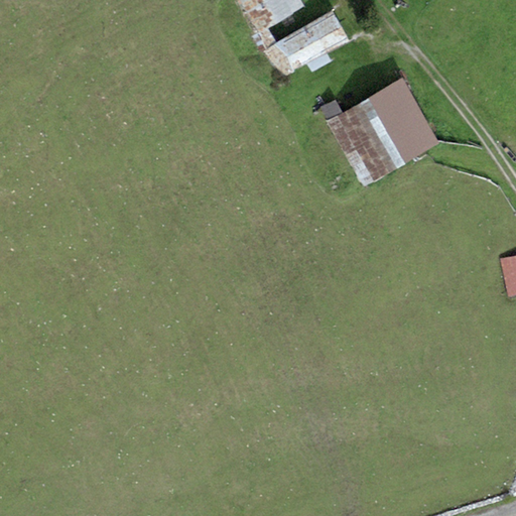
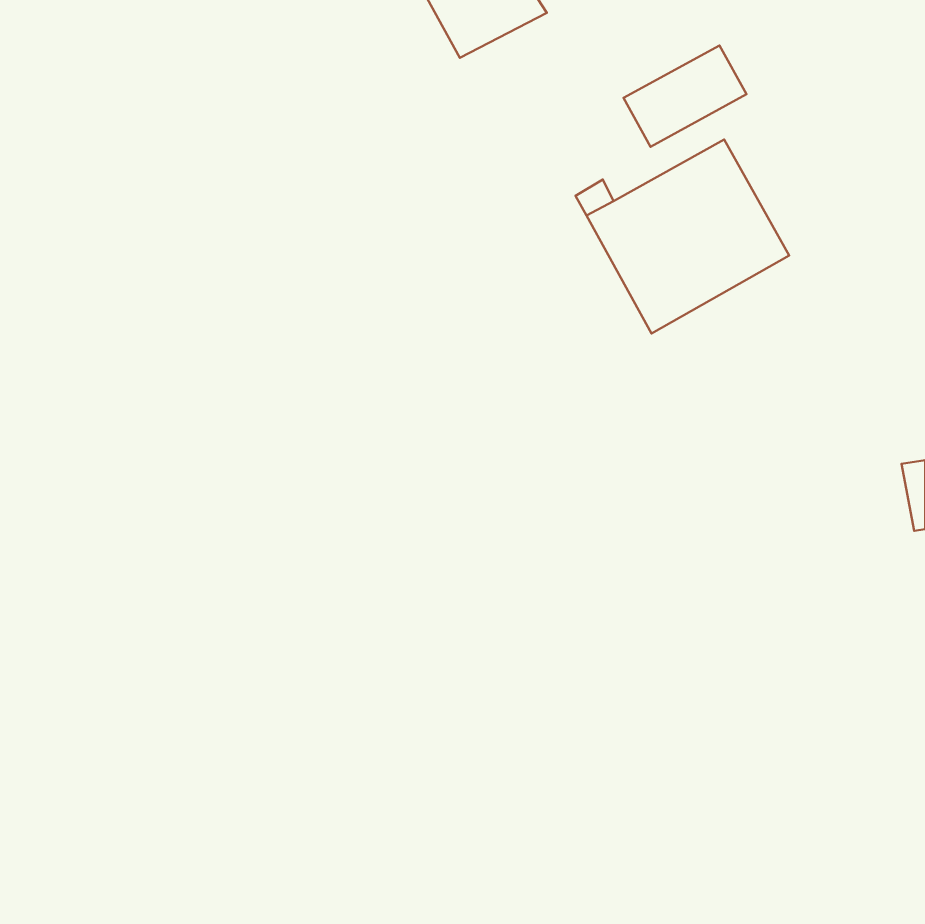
building: [279,12,348,69] -> [623,45,747,147]

